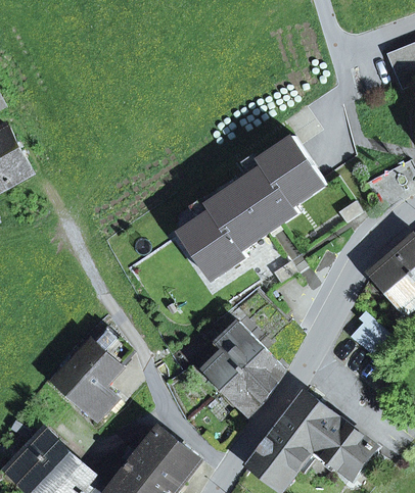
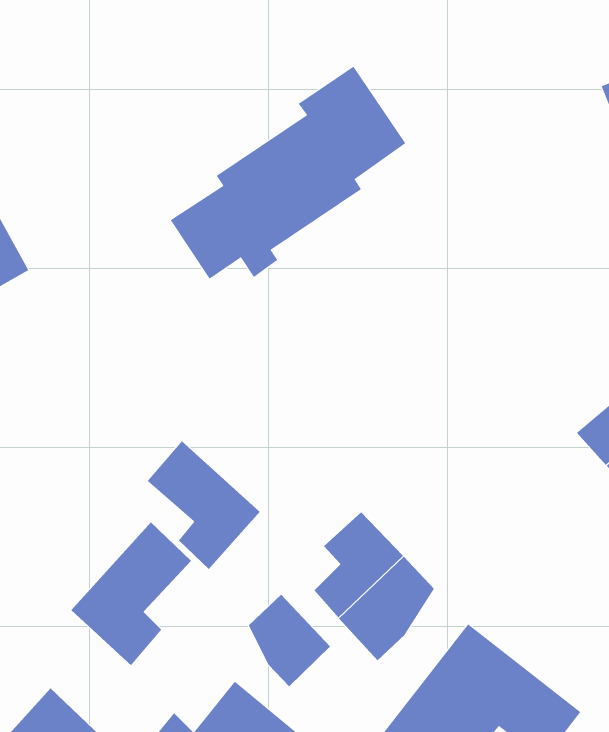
building: [177,136,324,268] -> [170,66,406,279]
building: none -> [147,440,261,570]
building: none -> [248,594,331,687]

